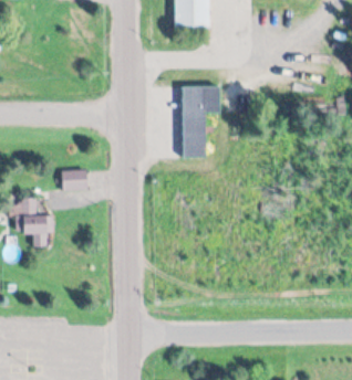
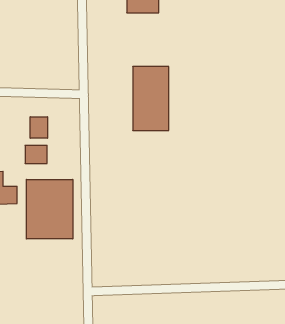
building: none -> [30,117,47,138]
building: none -> [26,179,73,239]

